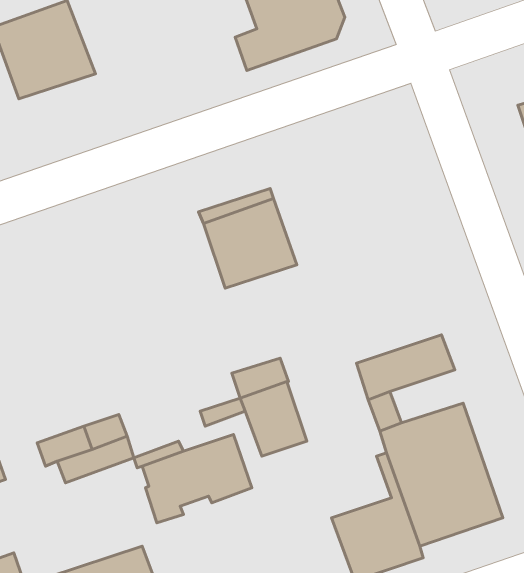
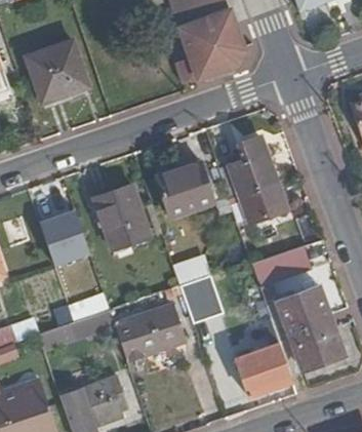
building: none -> [229,132,289,221]
building: none -> [94,186,149,249]
building: none -> [37,203,90,264]

